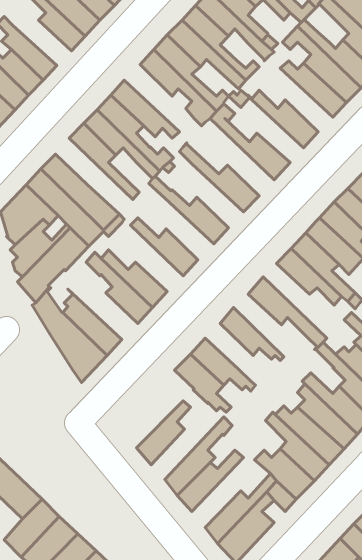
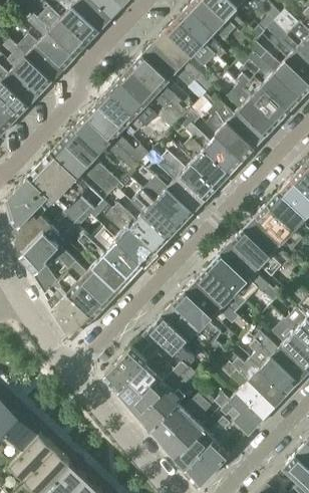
building: none -> [16,35,64,80]
building: none -> [222,72,278,135]
building: none -> [107,79,171,141]
building: none -> [206,108,254,160]
building: none -> [174,124,230,187]
building: none -> [51,140,114,197]
building: none -> [157,161,205,213]
building: none -> [136,189,181,239]
building: none -> [105,211,156,265]
building: none -> [221,242,282,303]
building: none -> [51,247,118,304]
building: none -> [197,267,253,328]
building: none -> [174,291,221,341]
building: none -> [104,329,165,393]
building: none -> [129,361,189,419]
building: none -> [163,397,215,458]

